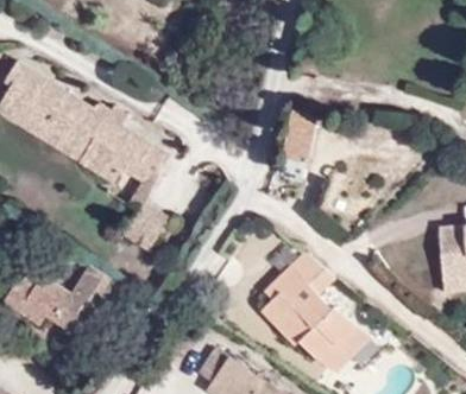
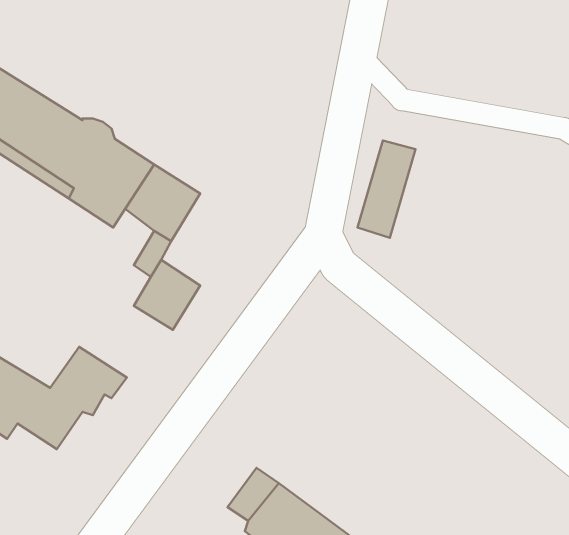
building: [258,254,366,373] -> none

